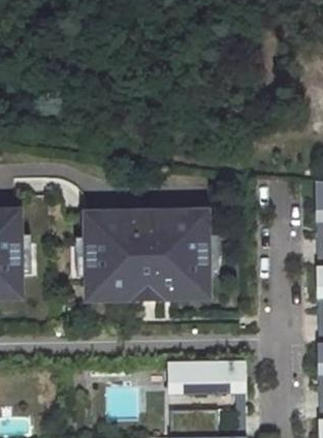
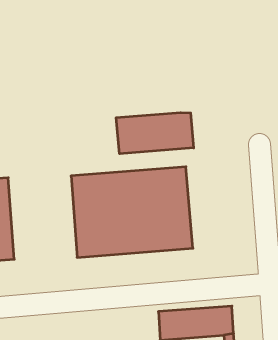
building: none -> [116,113,194,154]

